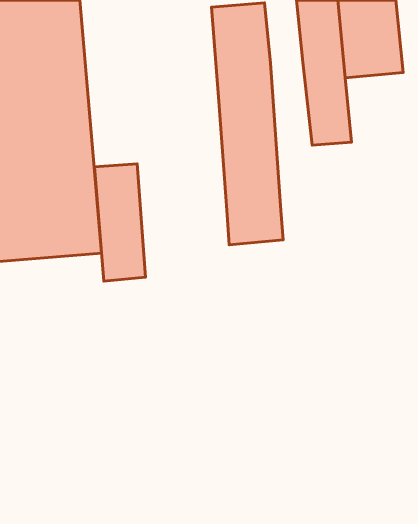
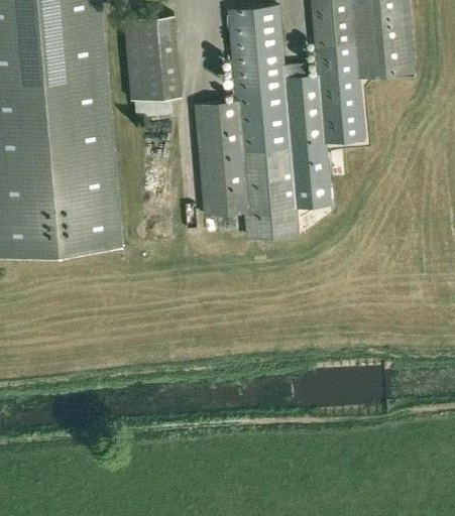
building: none -> [125,13,182,99]
building: none -> [287,61,333,207]
building: [95,164,145,281] -> [195,101,244,215]

